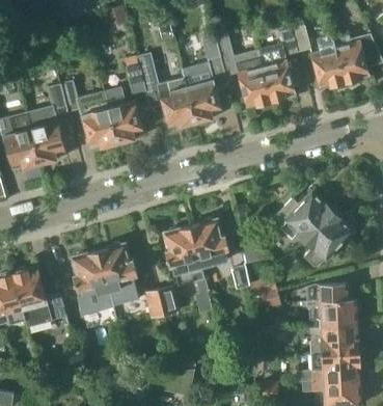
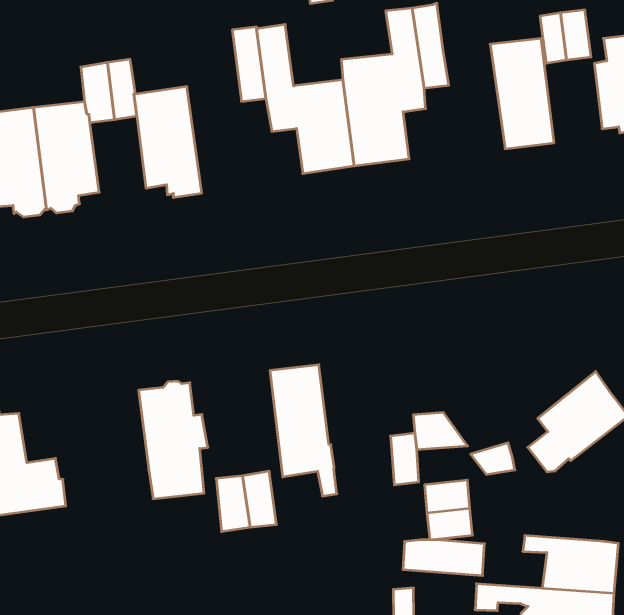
building: [234,50,272,109] -> none
building: [104,87,144,145] -> none
building: [271,193,333,240] -> none
building: [190,219,228,267] -> none
building: [73,251,113,315] -> none
building: [306,282,349,301] -> [403,540,485,576]

